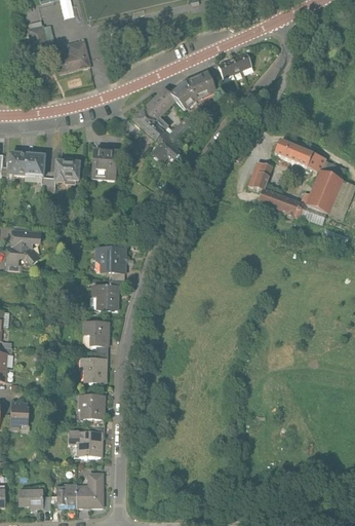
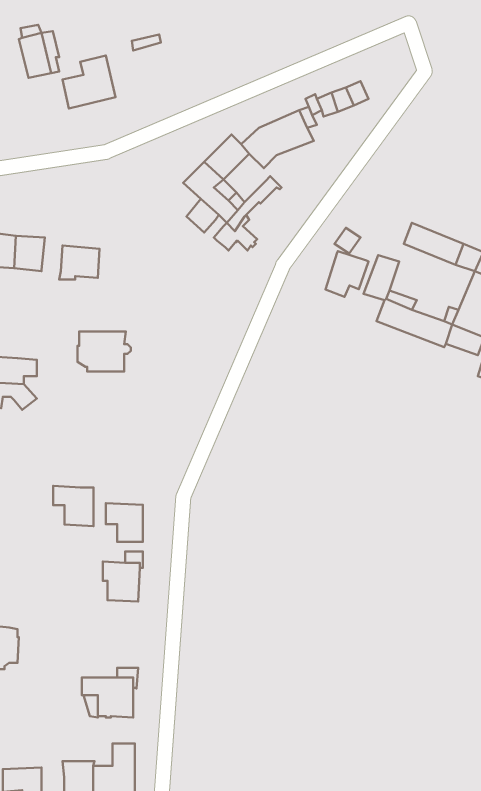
building: [91,145,118,178] -> none
building: none -> [326,251,369,297]
building: [95,248,129,273] -> [78,331,131,372]
building: [92,285,118,310] -> [53,486,93,526]
building: [78,396,105,421] -> none

